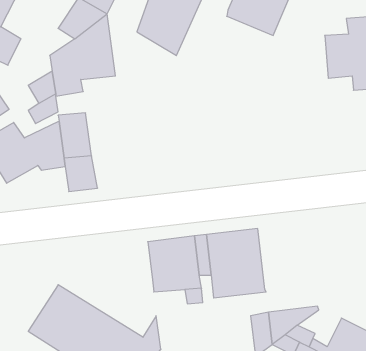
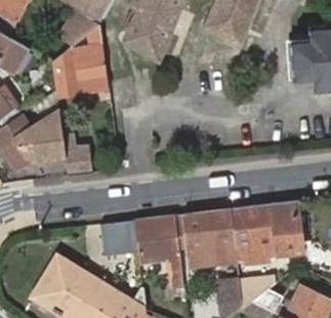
building: none -> [230,202,300,262]
building: none -> [99,221,139,257]

